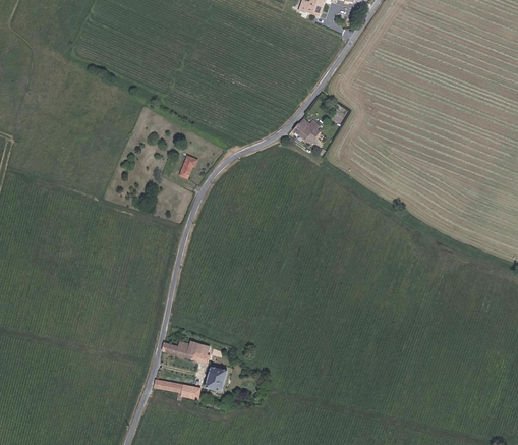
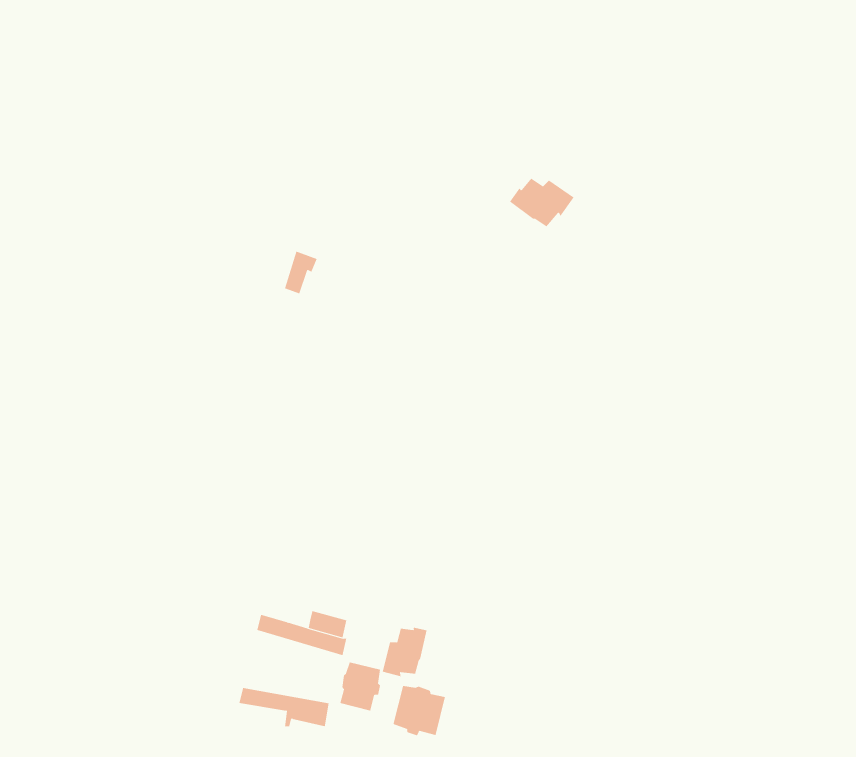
building: none -> [382,627,427,677]
building: none -> [393,685,446,736]

